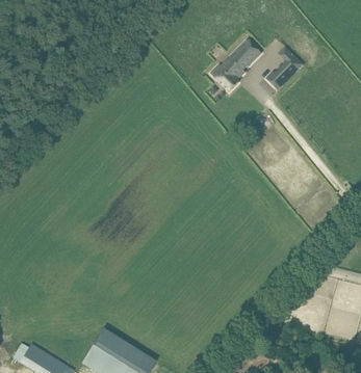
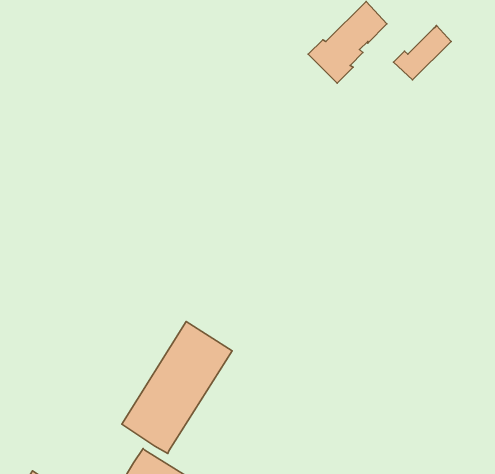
building: none -> [122,321,232,454]

